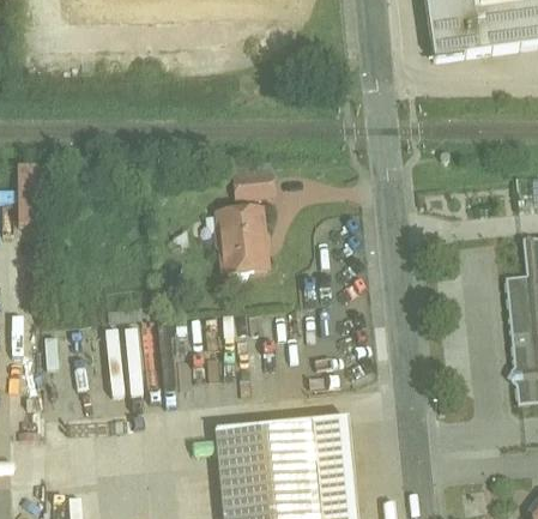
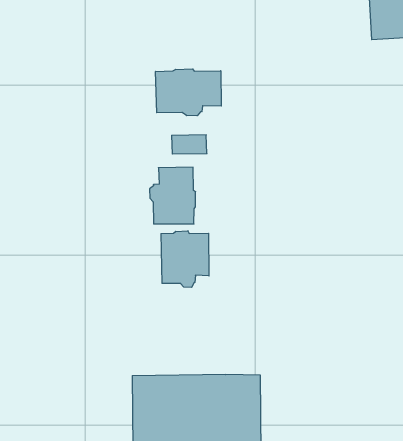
building: none -> [156,69,221,116]
building: none -> [161,231,209,287]

